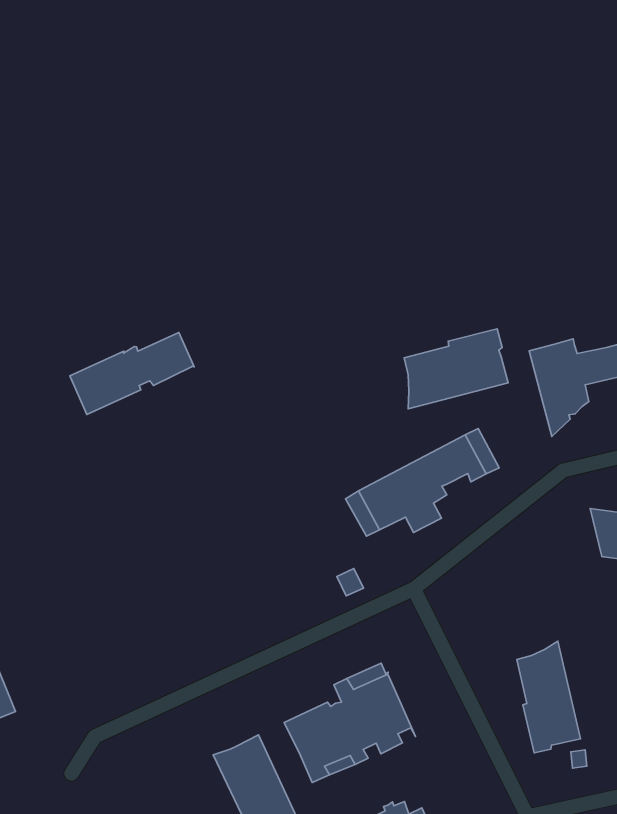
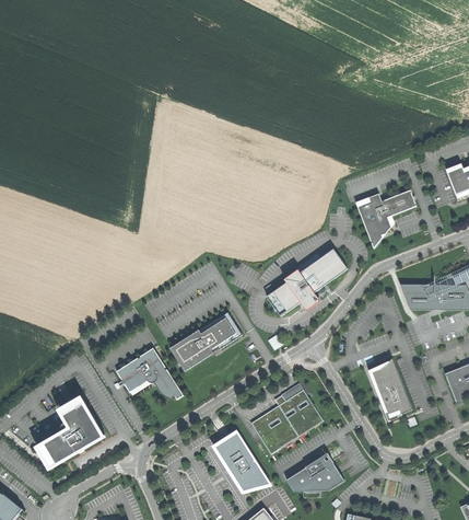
building: [404,329,508,409] -> none
building: [70,332,194,415] -> [172,316,238,368]
building: none -> [115,347,183,398]

